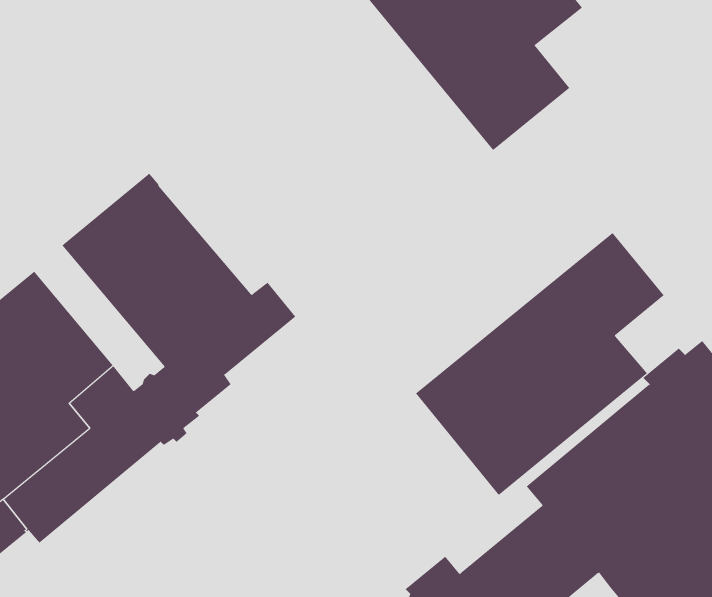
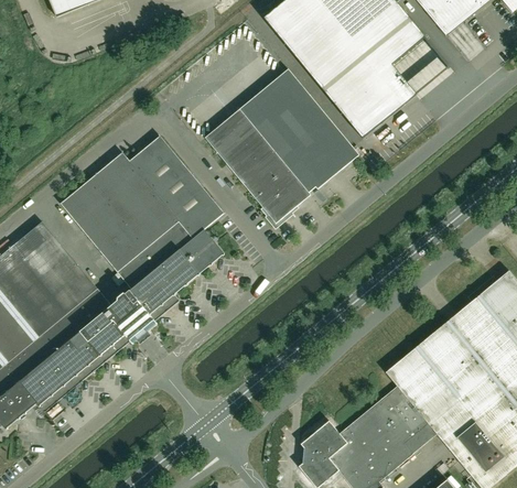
building: none -> [204,67,358,225]
building: none -> [128,134,224,237]
building: [415,232,665,496] -> none

